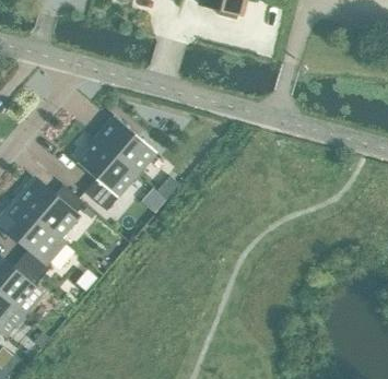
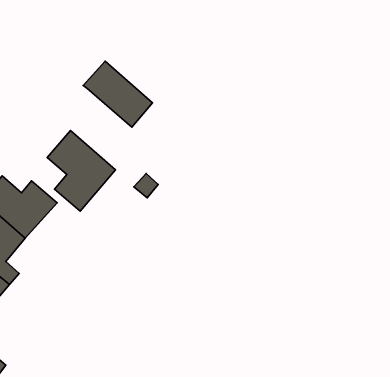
building: [94,114,156,173] -> [83,61,153,127]

